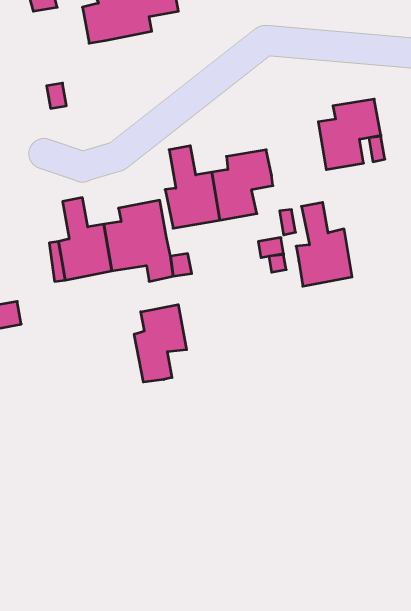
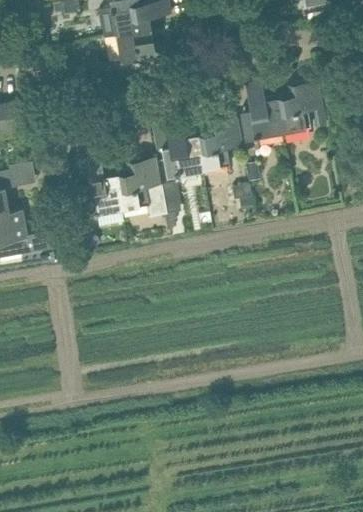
building: none -> [116,28,169,75]
building: [296,202,352,286] -> [240,76,282,139]
building: [134,305,187,382] -> none

